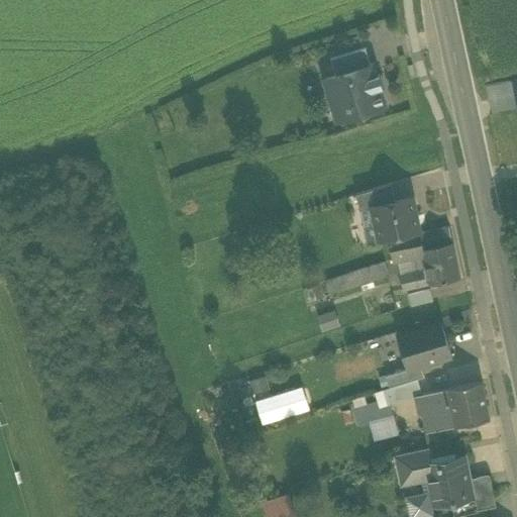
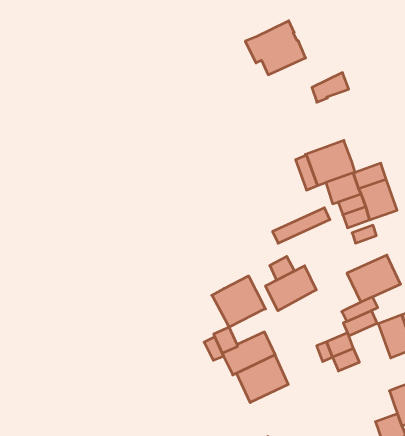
building: [330,48,371,77] -> none
building: [356,184,395,211] -> [312,73,349,102]
building: none -> [266,266,316,311]
building: none -> [212,276,266,327]
building: none -> [237,355,288,403]
building: [394,448,432,486] -> none

